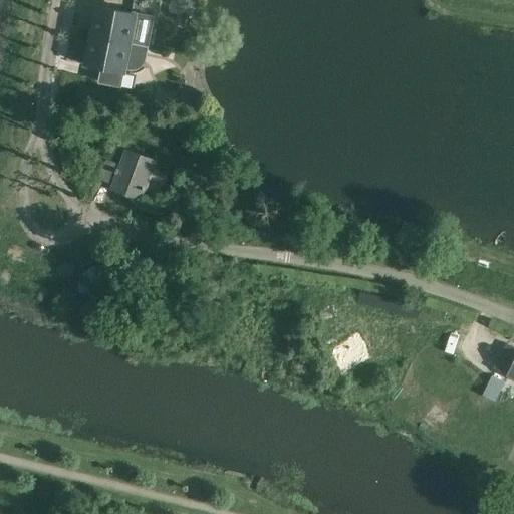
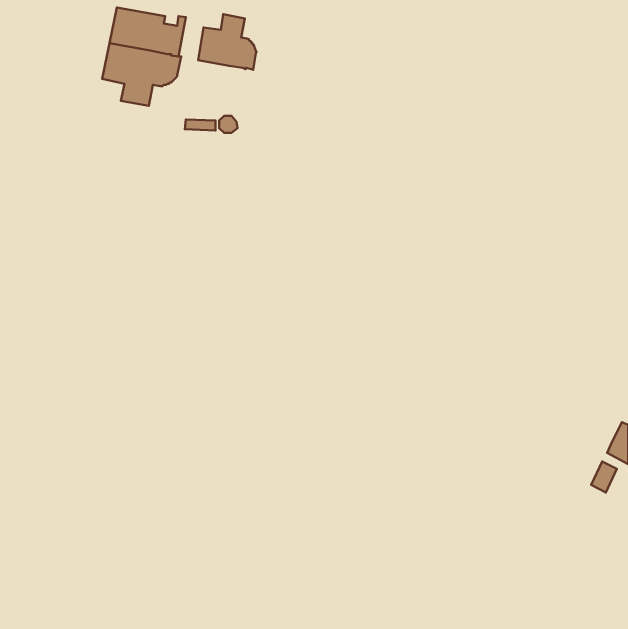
building: none -> [198,14,256,70]
building: [110,150,168,205] -> none

